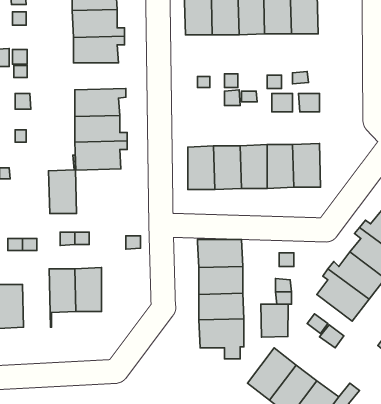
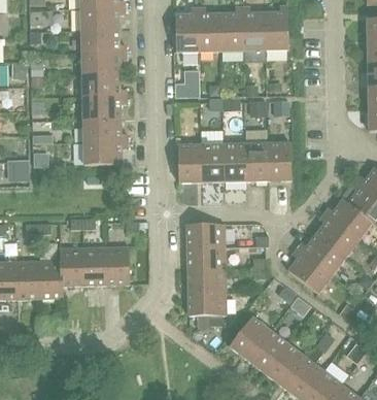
building: none -> [81,75,126,98]
building: [49,155,77,214] -> [38,249,62,299]
building: none -> [105,248,129,286]
building: [261,304,288,337] -> none

